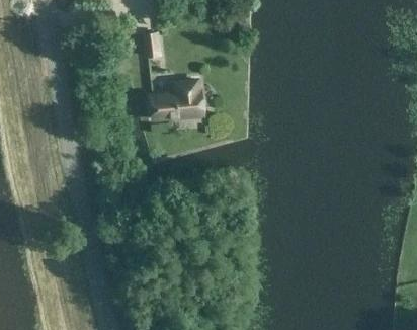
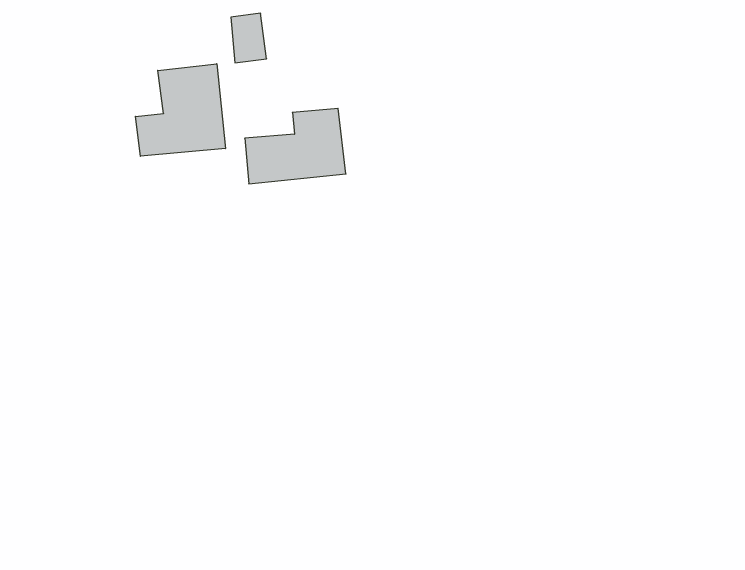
building: none -> [135,64,225,156]

